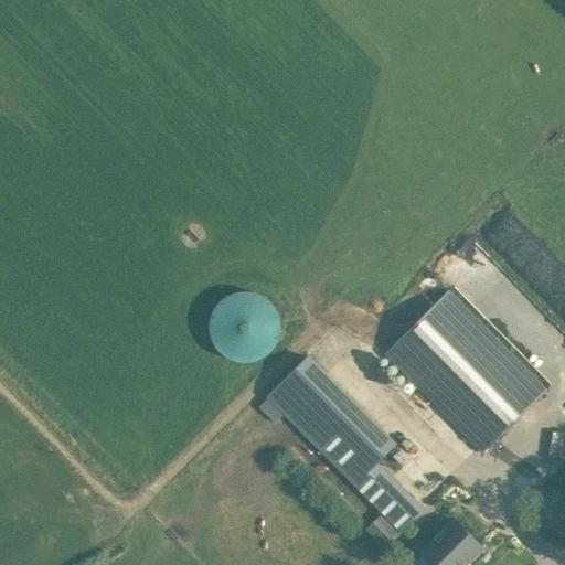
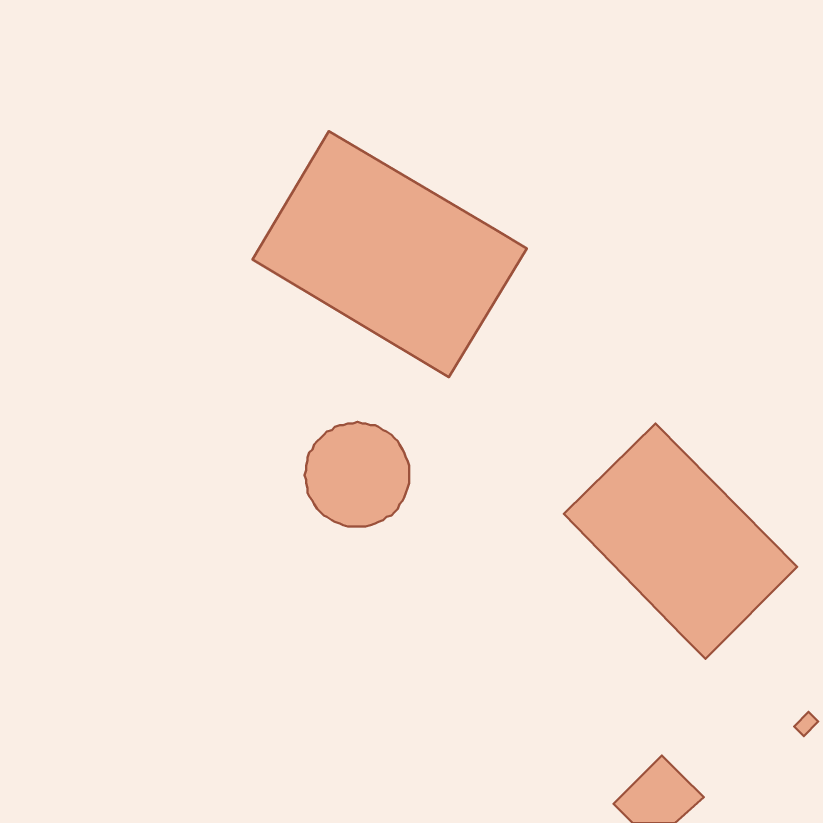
building: none -> [252,131,527,377]
building: [259,355,423,547] -> none

